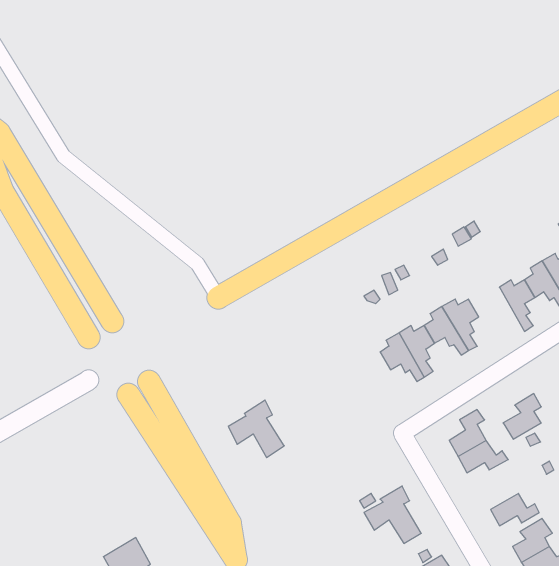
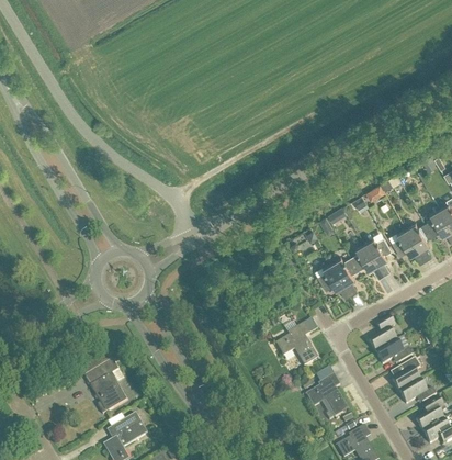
building: none -> [392,226,425,262]
building: [503,394,541,439] -> [392,358,420,392]
building: [228,400,284,458] -> [275,324,317,367]
building: none -> [83,359,127,415]

